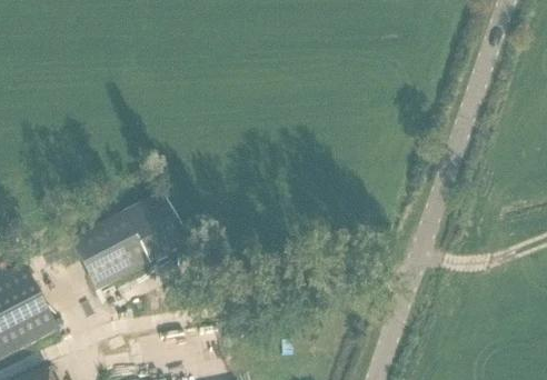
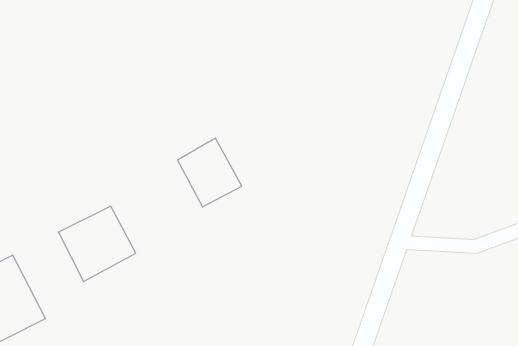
building: [122,192,188,262] -> [178,138,242,207]

